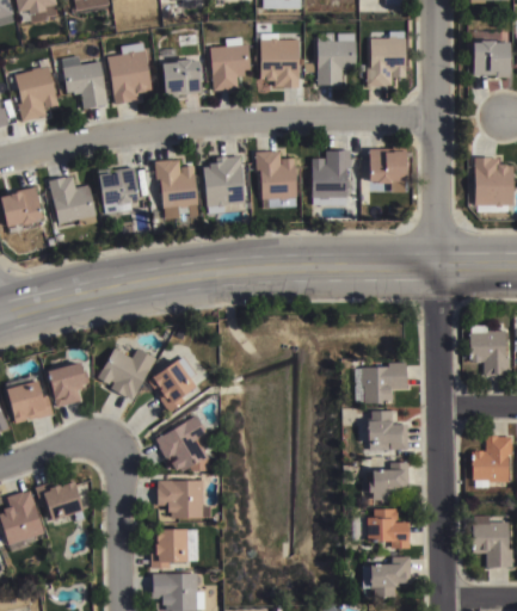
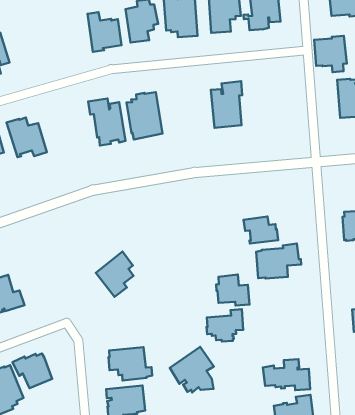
building: [106,41,152,104] -> none
building: [61,55,106,109] -> none
building: [370,146,410,191] -> [314,36,347,72]
building: [256,150,297,208] -> none
building: [98,166,140,214] -> none
building: none -> [243,217,278,244]
building: [97,347,154,401] -> none
building: [48,356,88,408] -> none
building: [368,411,408,450] -> [216,274,249,305]
building: [155,415,211,473] -> [170,347,214,392]
building: [363,463,410,502] -> [207,309,243,342]

